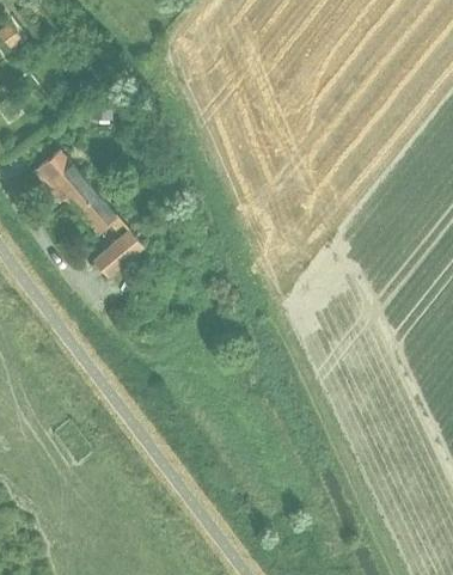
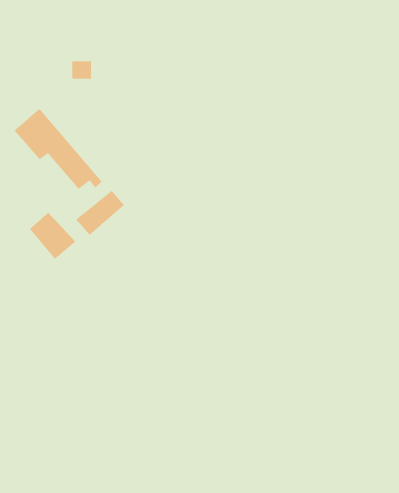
building: none -> [29,212,76,260]

